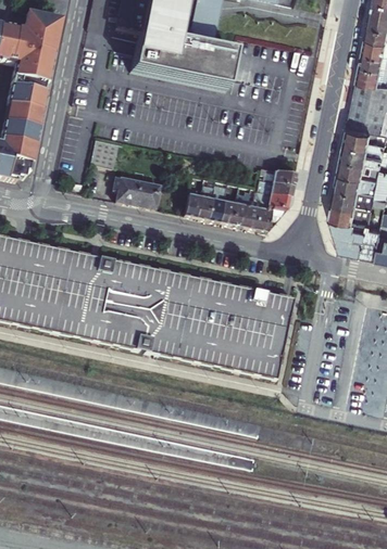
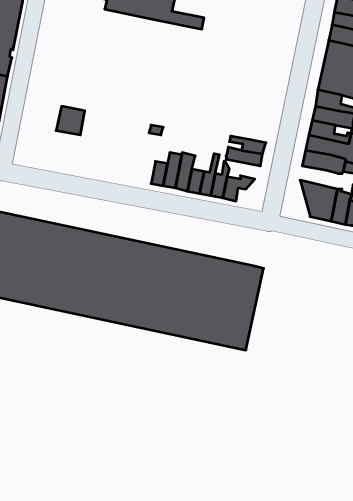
building: [134,41,235,88] -> none
building: [114,174,160,206] -> none
building: [258,189,292,208] -> none
building: [332,195,373,218] -> none

